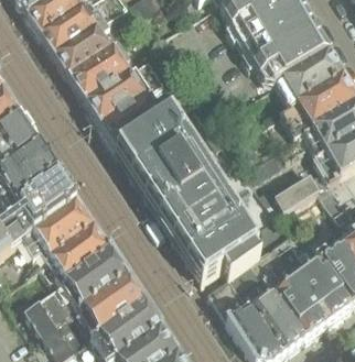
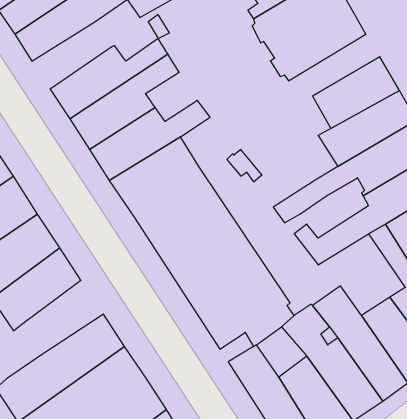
building: [57,23,120,76] -> none
building: [259,33,331,83] -> none
building: [43,226,114,284] -> none

